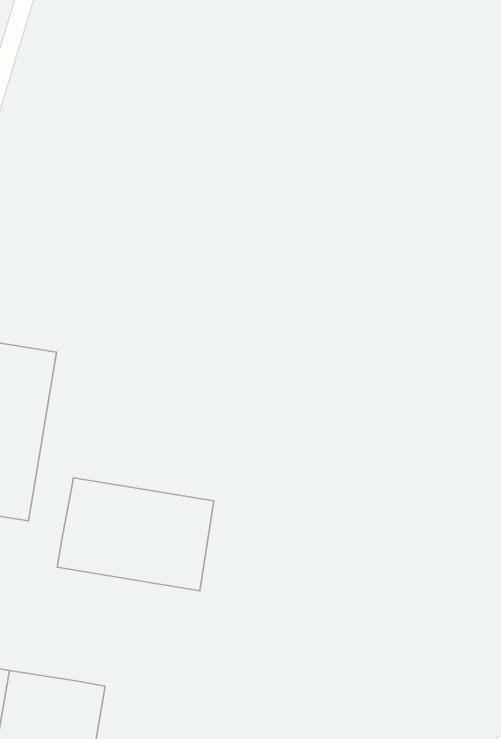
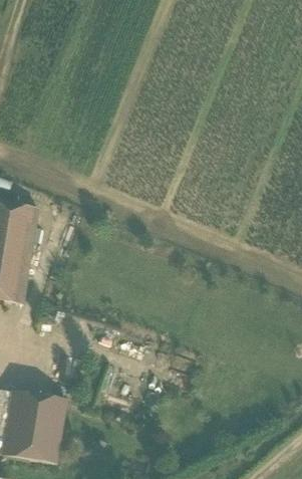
building: [57,478,214,591] -> none

